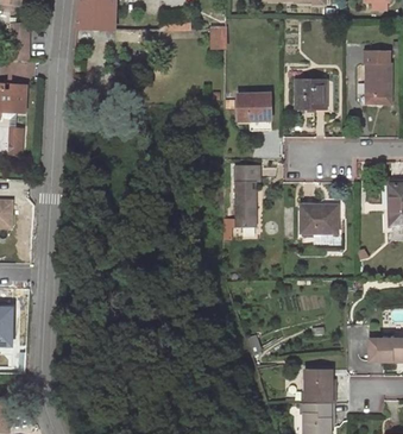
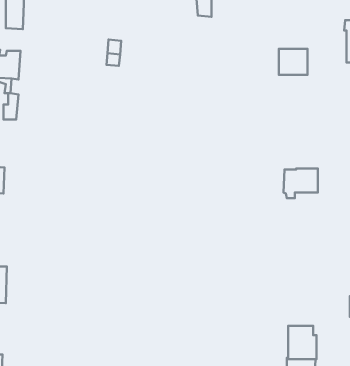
building: [237,93,270,130] -> none
building: [234,166,258,227] -> none

